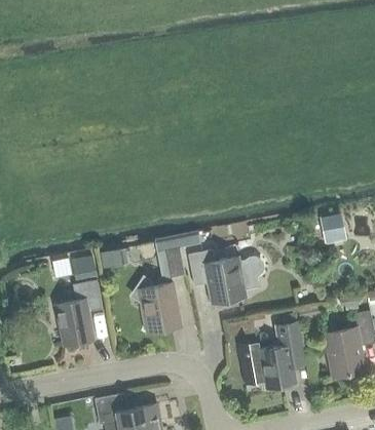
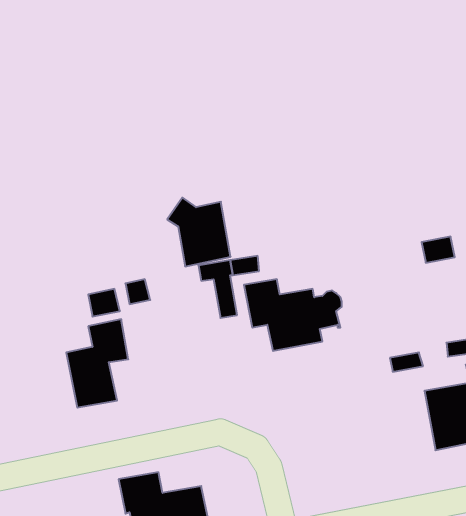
building: [133,279,180,330] -> [167,198,231,266]
building: [236,321,305,389] -> none

